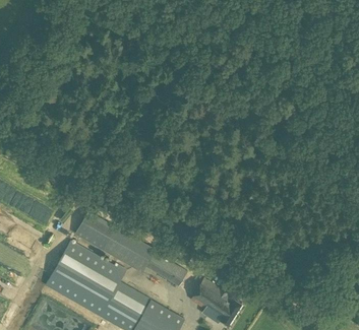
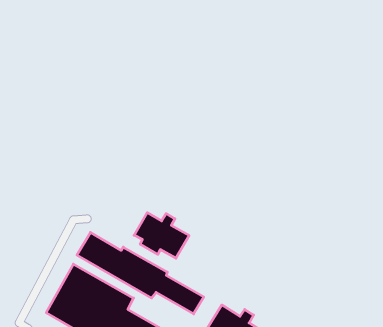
building: none -> [134,213,189,258]

